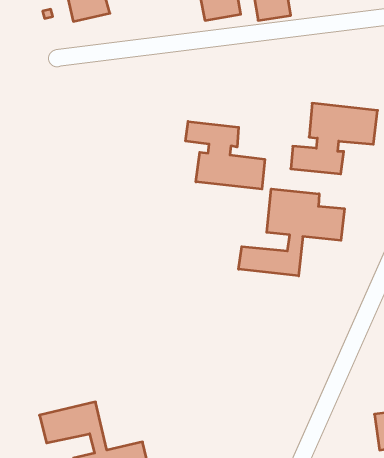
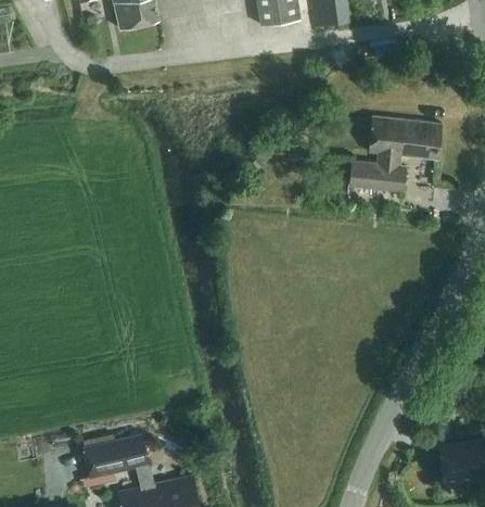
building: [186,121,265,189] -> none
building: [239,189,344,276] -> none

